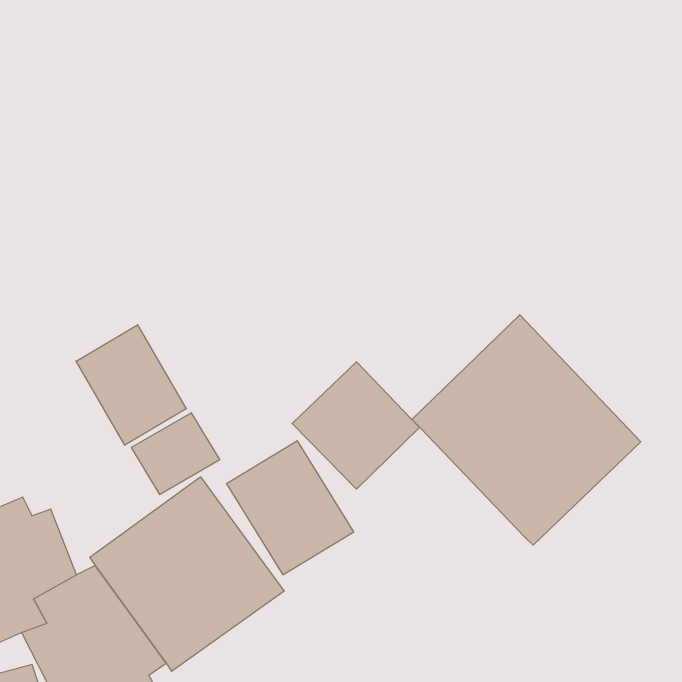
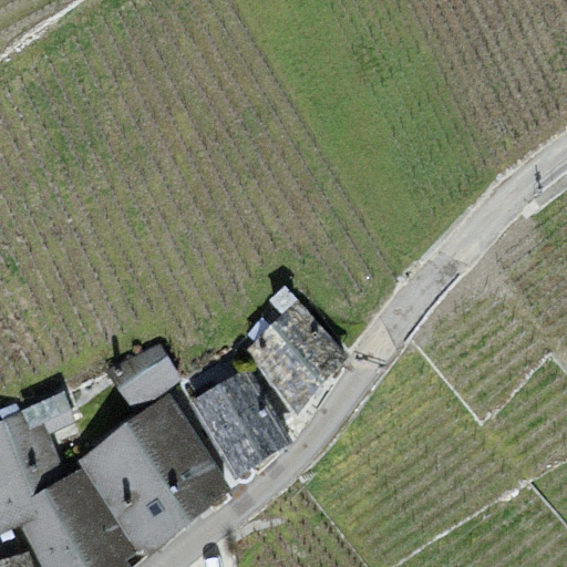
building: [412,315,641,545] -> none
building: [76,325,186,445] -> none

